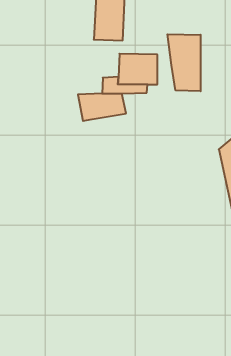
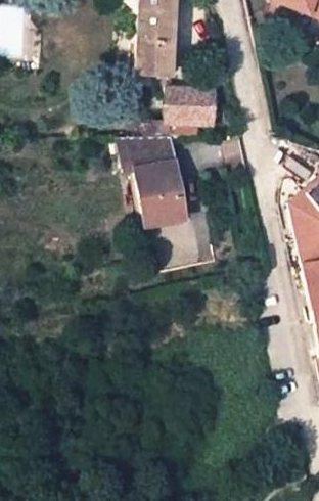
building: [167,34,201,91] -> none
building: none -> [134,162,186,225]

